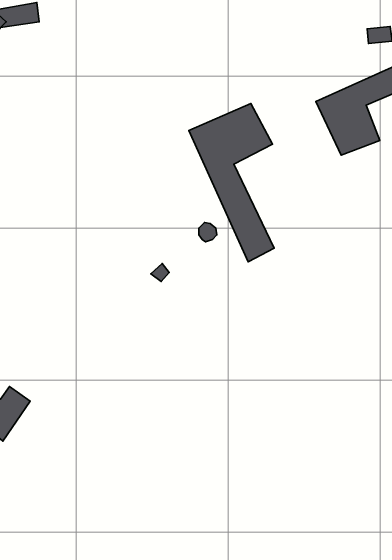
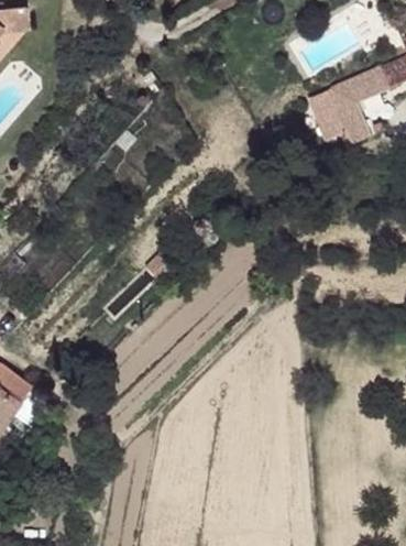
building: [189,104,274,262] -> none

